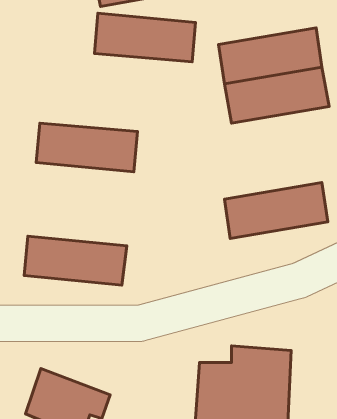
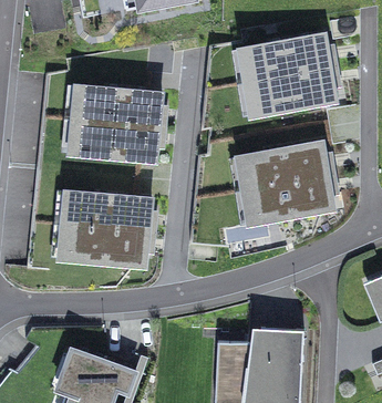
building: [94,13,196,62] -> [69,82,163,127]
building: none -> [234,138,331,190]
building: none -> [58,187,153,234]

